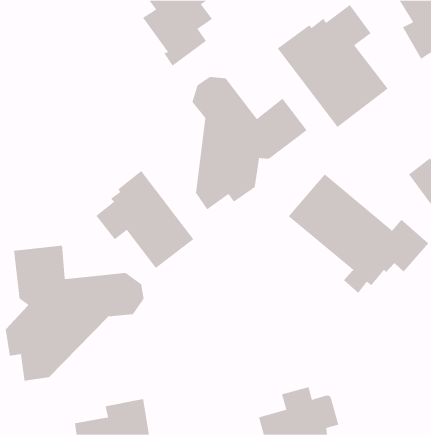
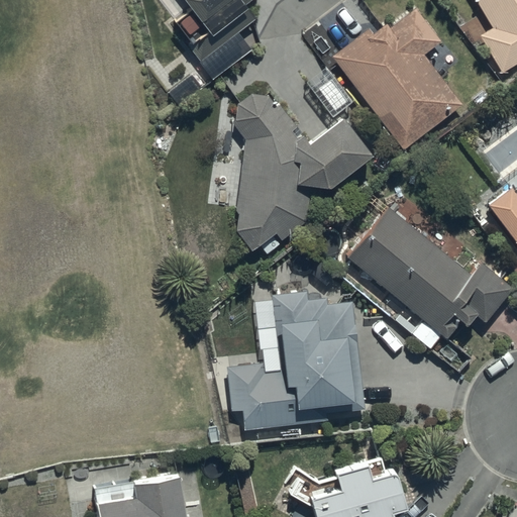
building: [95,170,194,269] -> none
building: [5,245,144,381] -> none
building: none -> [227,291,363,430]

